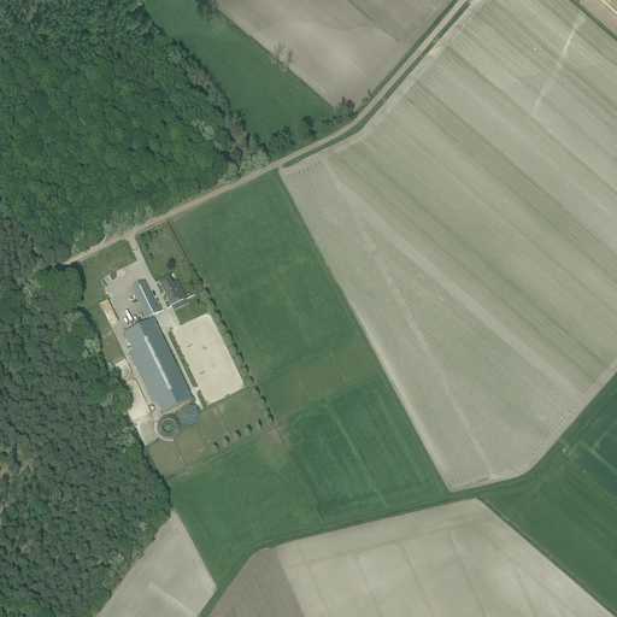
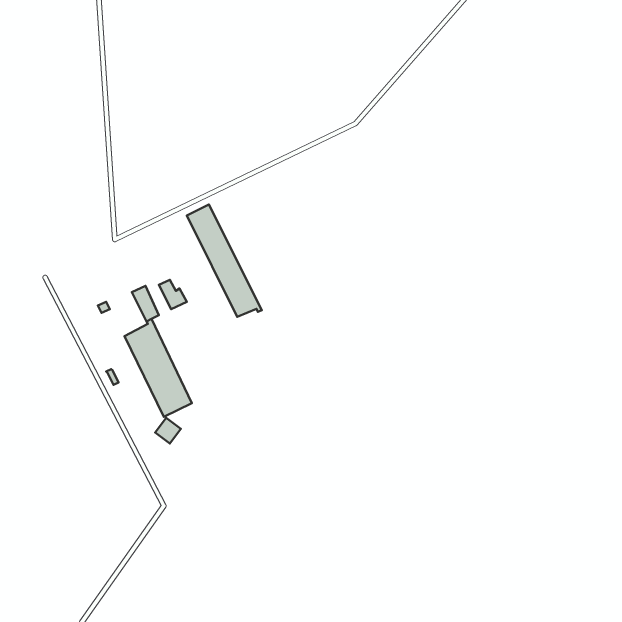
building: none -> [187,204,262,317]

